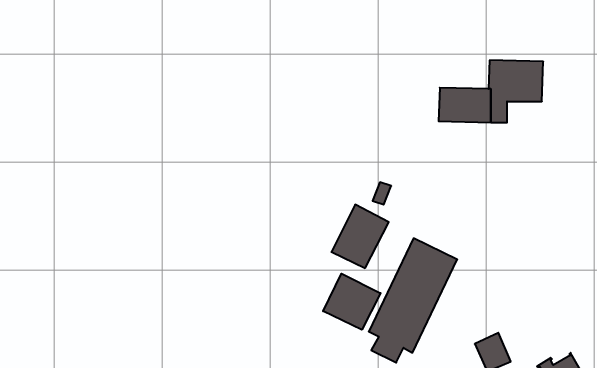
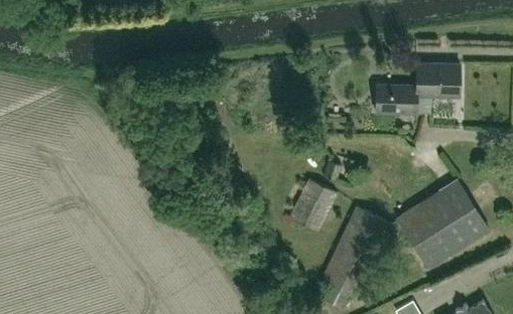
building: none -> [395,180,488,269]
building: [323,274,381,330] -> none

